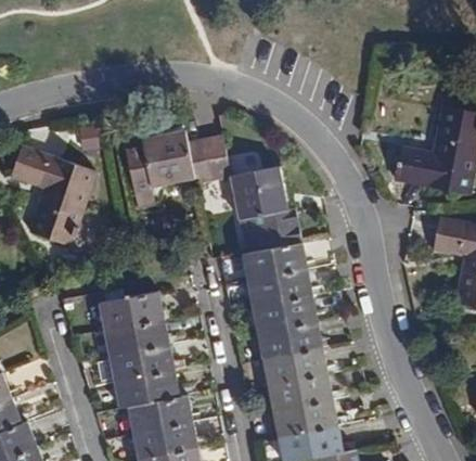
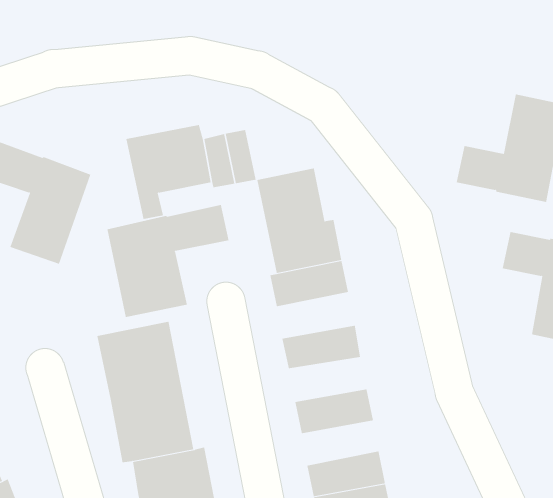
building: none -> [107,204,229,318]
building: [247,268,312,306] -> none
building: [257,321,322,358] -> none
building: [268,373,332,410] -> none

